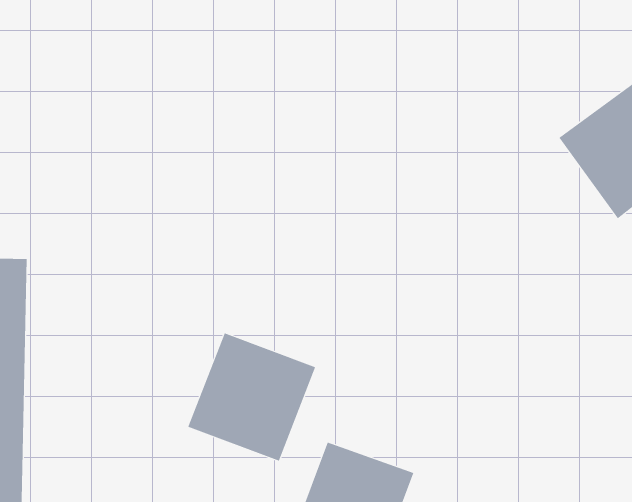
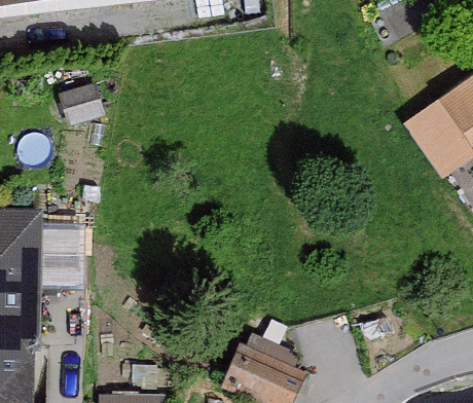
building: [188,333,316,461] -> none

